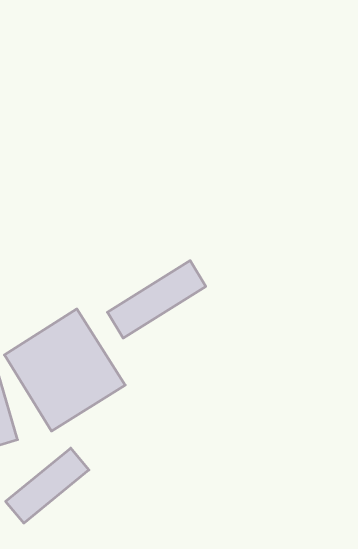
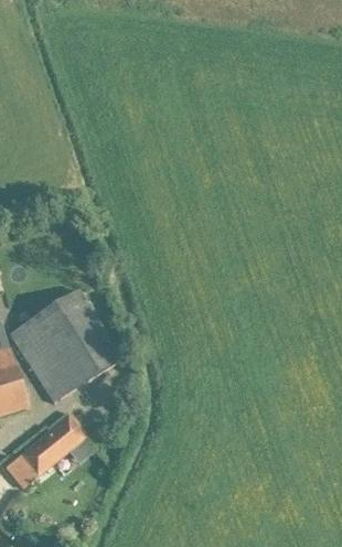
building: [107,261,206,338] -> none

